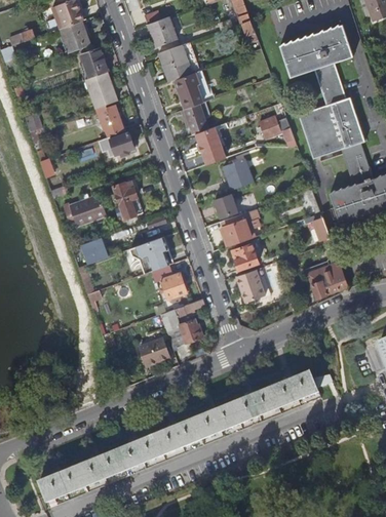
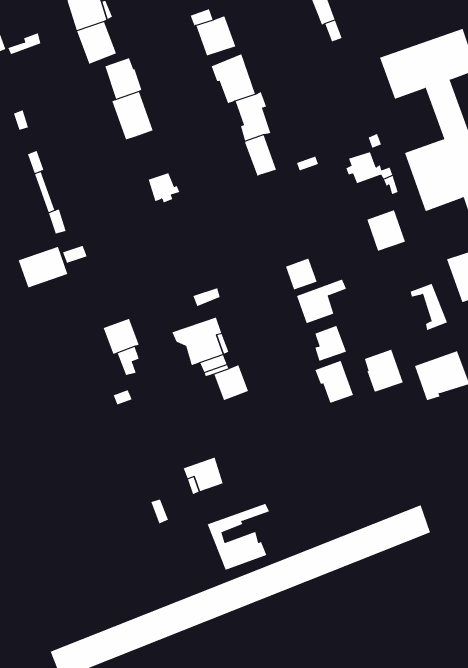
building: [94,103,123,135] -> none
building: [194,125,225,164] -> none
building: [223,158,252,189] -> [366,210,406,252]
building: [113,178,143,218] -> none
building: [68,194,105,225] -> [18,246,68,288]
building: none -> [364,349,404,392]
building: [158,297,204,347] -> [207,503,270,570]

